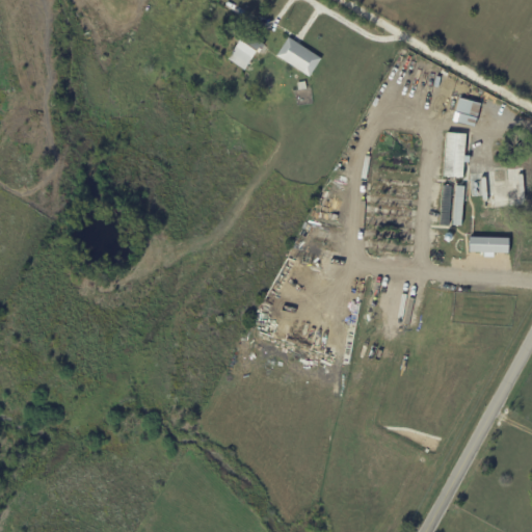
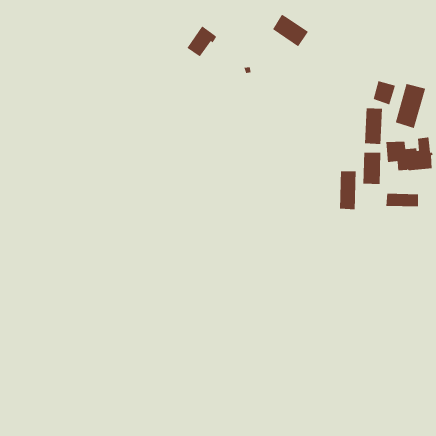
building: [276,36,321,77] -> [272,14,309,47]
building: none -> [395,83,426,129]
building: none -> [340,170,356,210]

